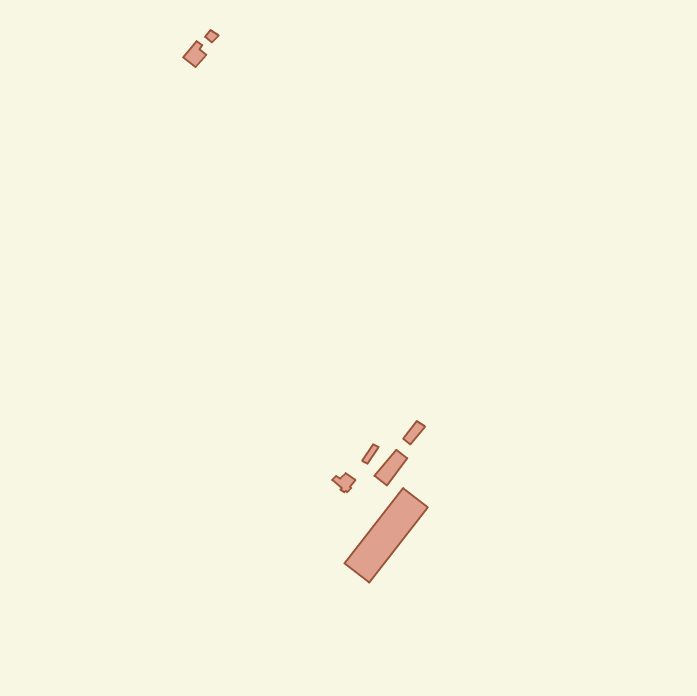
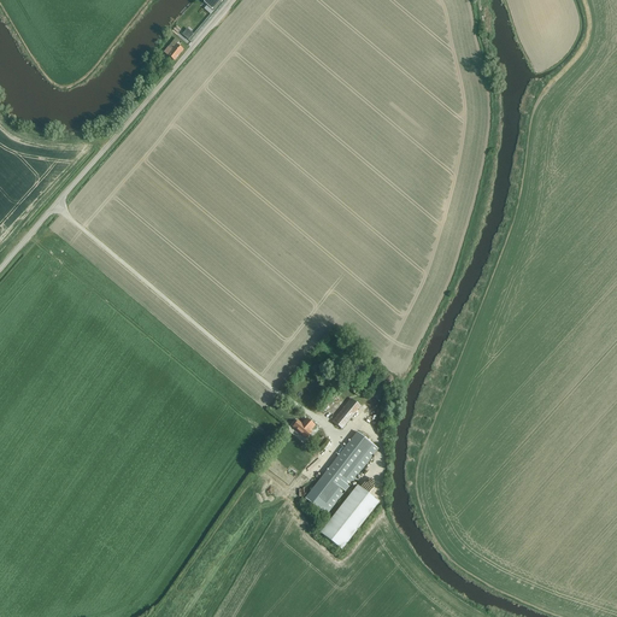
building: none -> [318,483,377,548]

